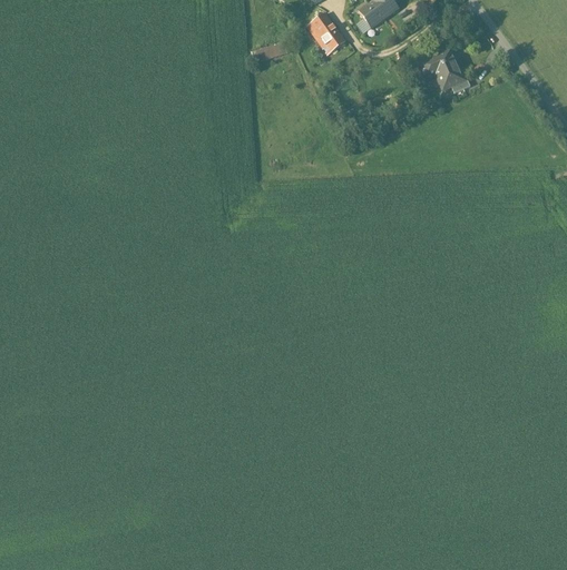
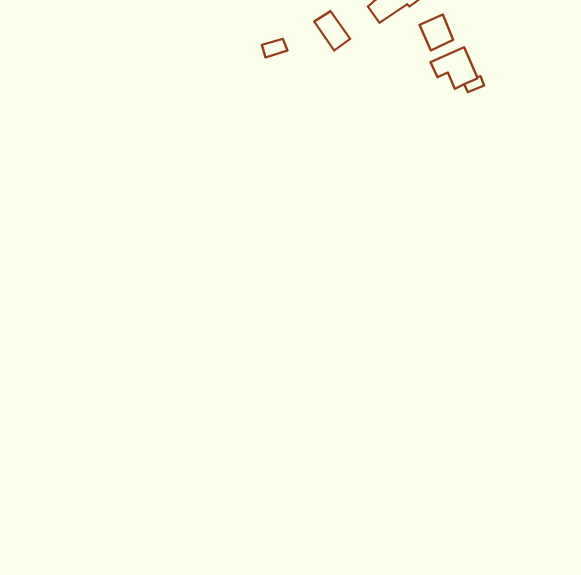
building: none -> [419,15,453,50]

